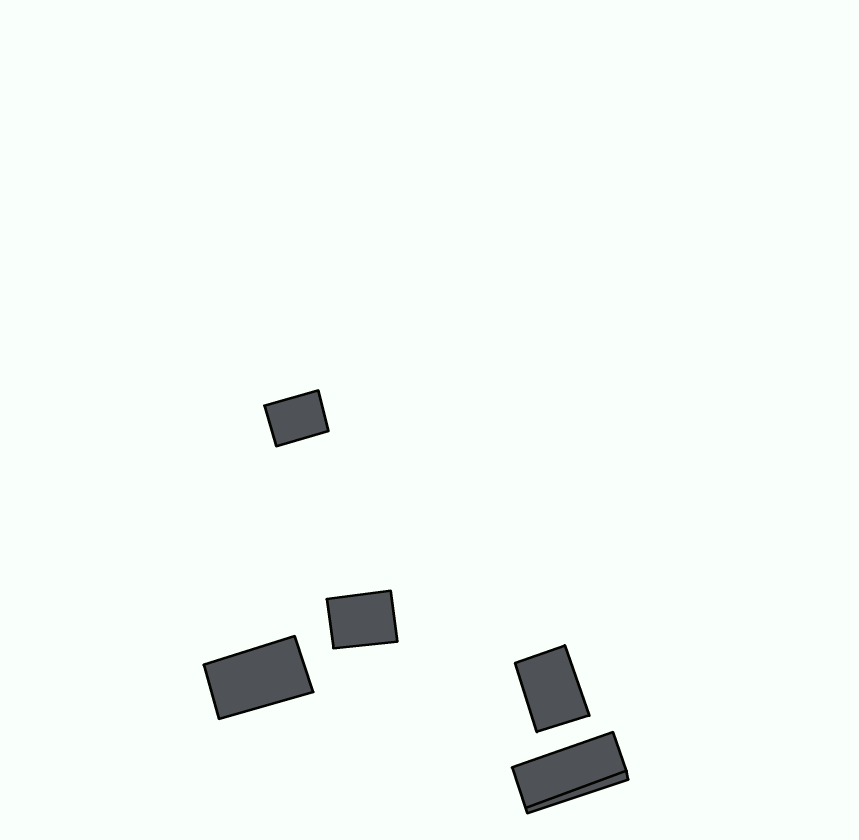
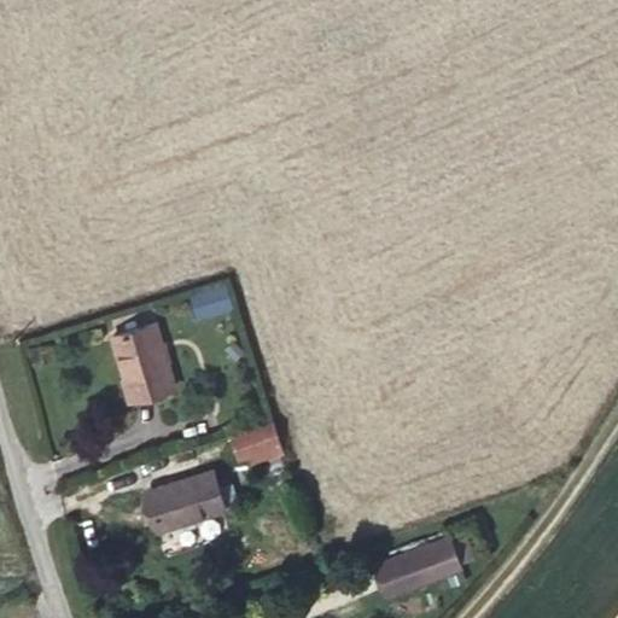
building: none -> [116,320,174,395]
building: [515,645,589,732] -> none

